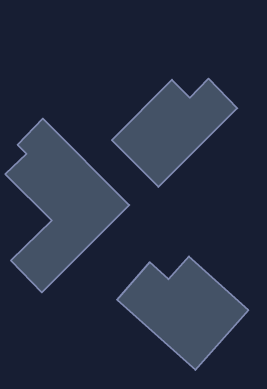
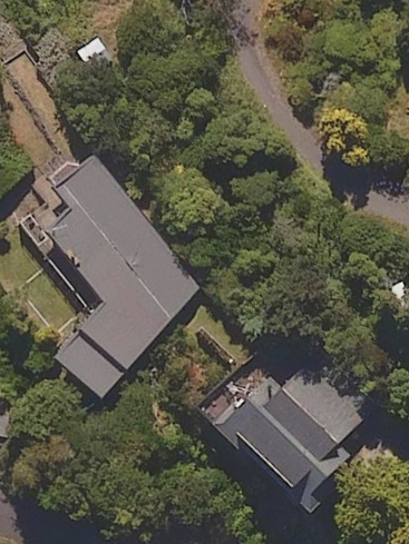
building: [112,79,237,187] -> none

